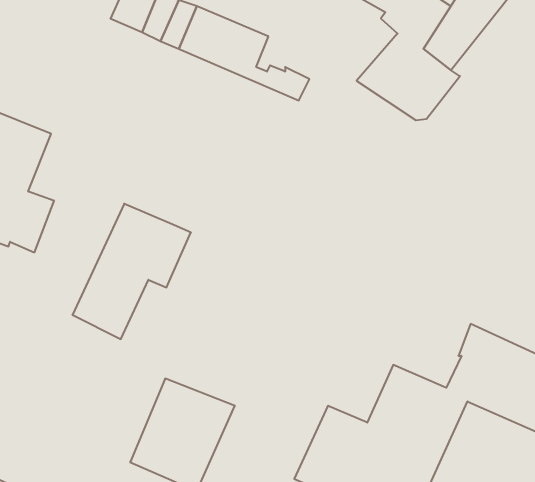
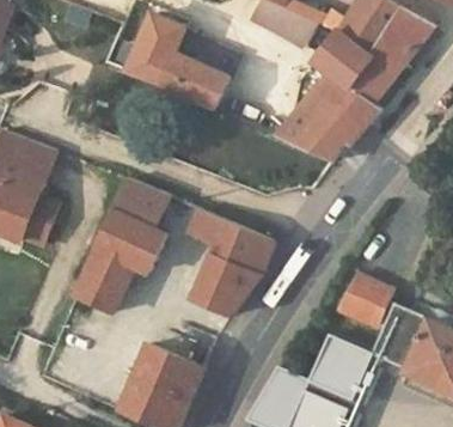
building: none -> [274,110,343,160]
building: none -> [114,179,167,224]
building: none -> [188,208,273,313]
building: none -> [339,277,391,330]

